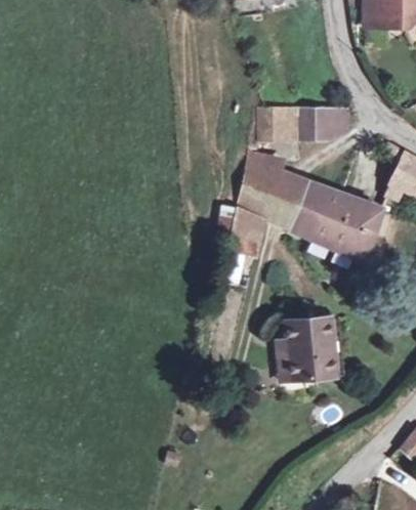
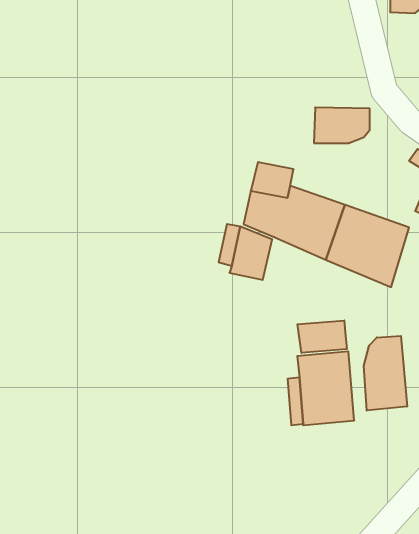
building: [261,107,296,138] -> none
building: none -> [297,320,347,353]
building: none -> [364,336,407,411]

